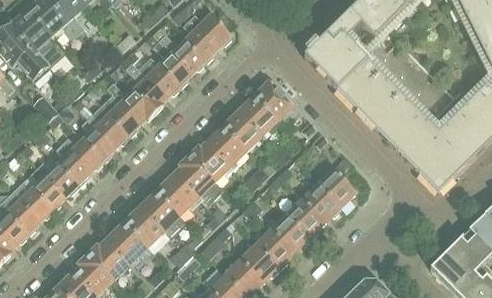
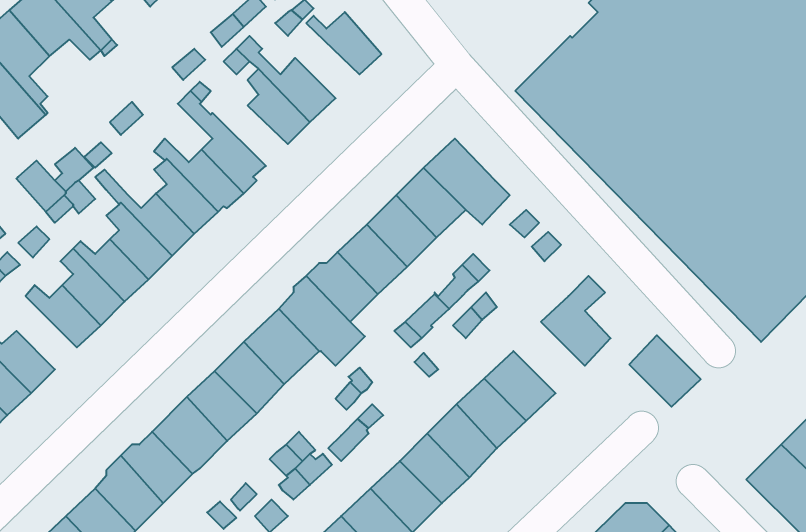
building: [183,18,219,59] -> none
building: [139,58,180,96] -> none
building: [31,167,65,207] -> none
building: [303,181,342,220] -> [629,335,701,407]

